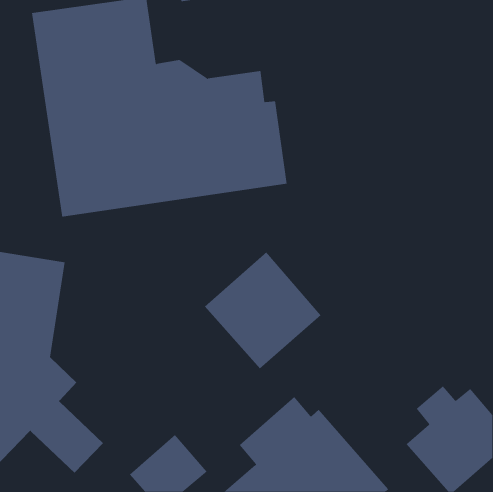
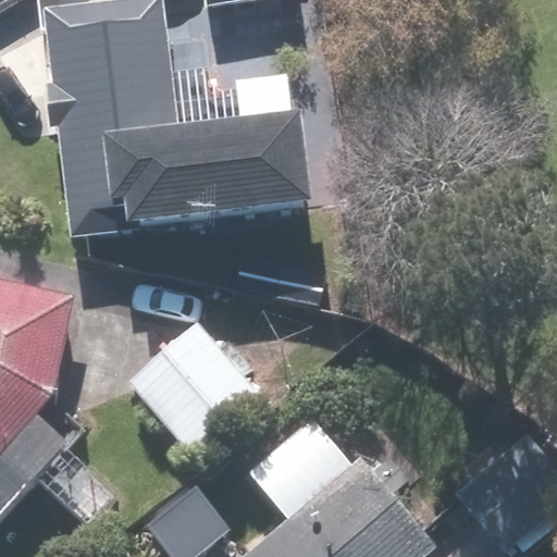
building: [204,252,321,369] -> [123,319,253,449]

